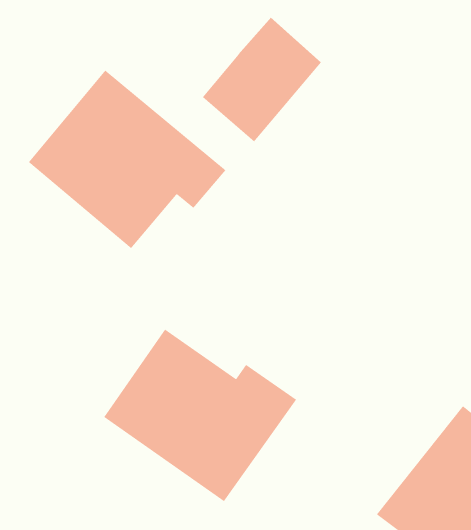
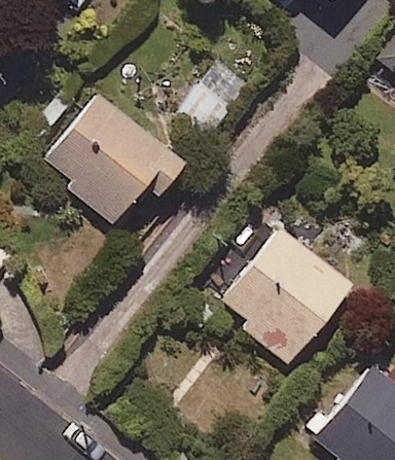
building: none -> [206,204,346,346]
building: [103,329,297,502] -> none

